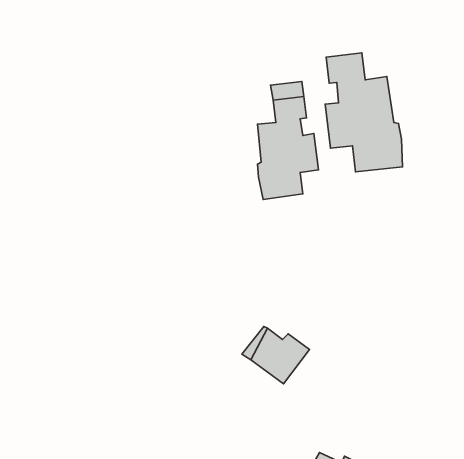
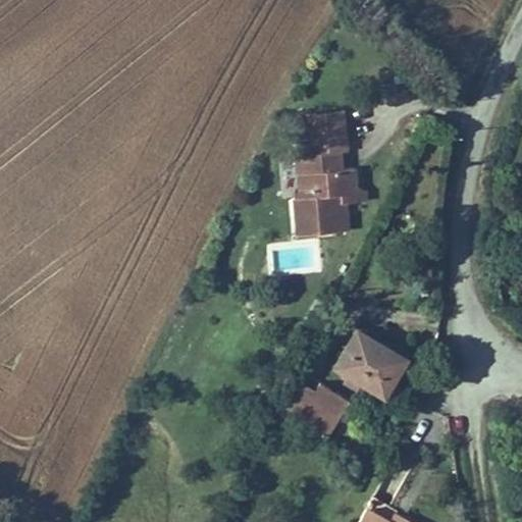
building: [325,53,403,172] -> none
building: none -> [341,329,409,395]

